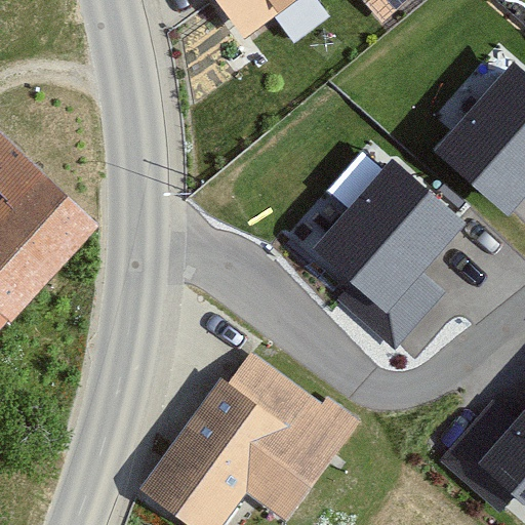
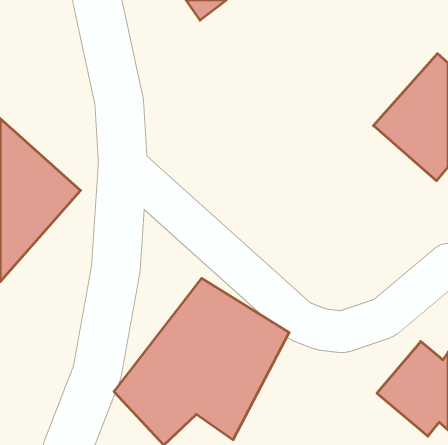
building: [314,160,468,351] -> none

